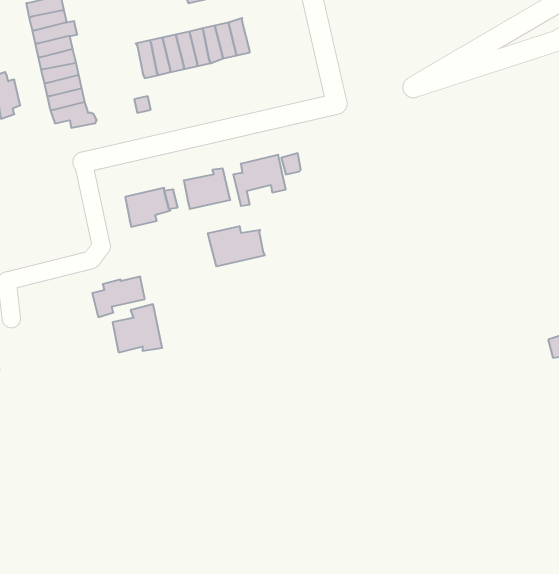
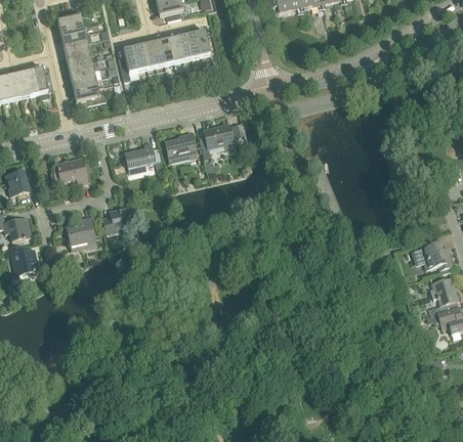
building: none -> [119,47,138,80]
building: none -> [53,157,87,182]
building: [208,226,265,266] -> none
building: [113,304,162,352] -> [67,214,100,247]

